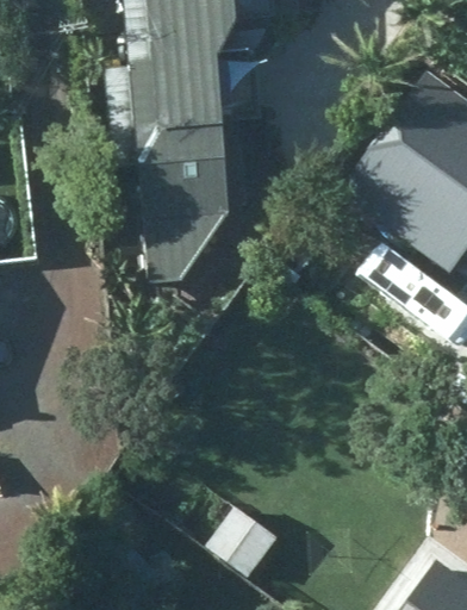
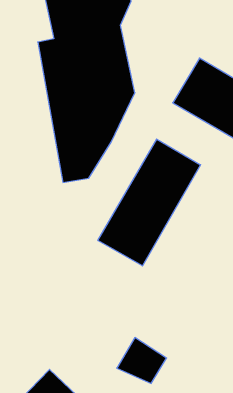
building: none -> [98,139,201,266]

